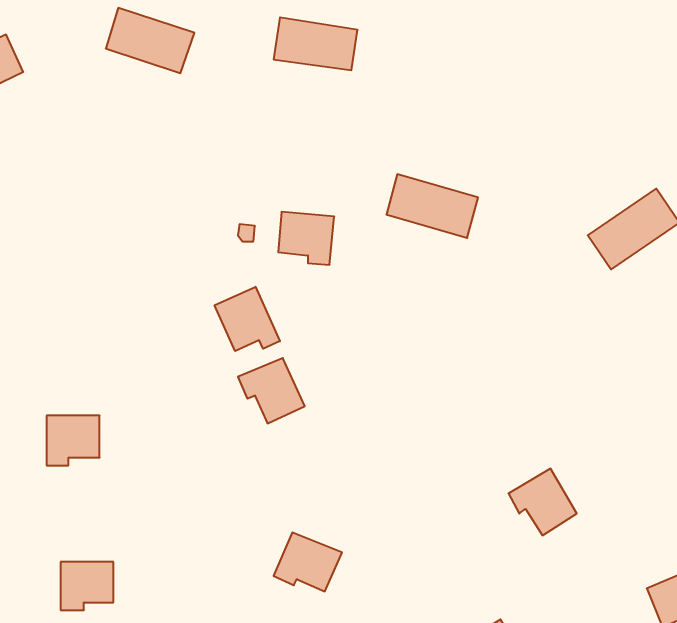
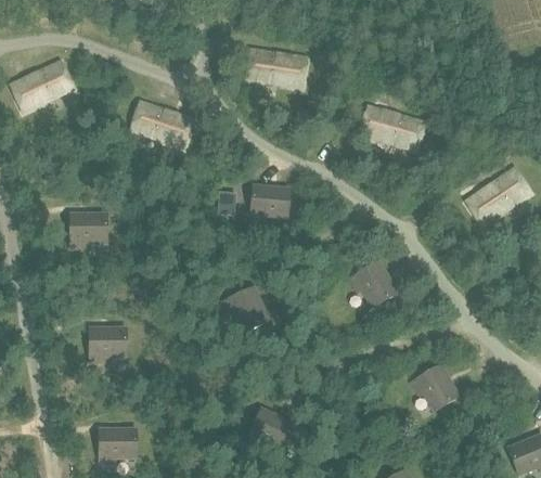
building: [106,8,194,73] -> [131,101,193,146]
building: [386,174,478,238] -> [360,105,424,150]
building: none -> [69,212,107,246]
building: [215,287,280,351] -> none
building: none -> [349,260,397,306]

